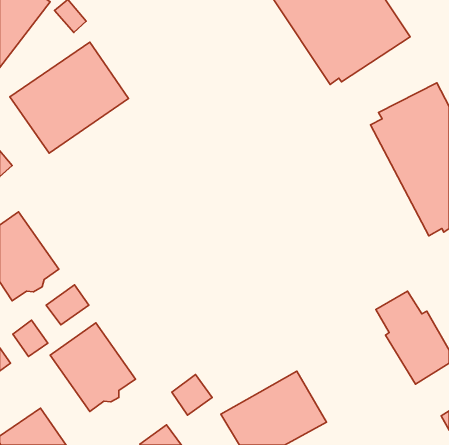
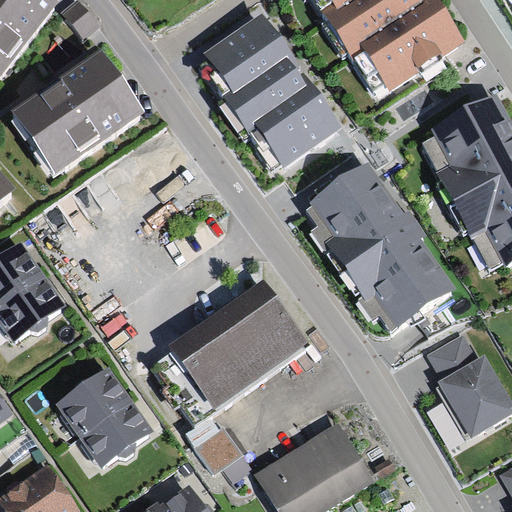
building: none -> [196,13,341,175]
building: none -> [305,166,453,332]
building: none -> [168,279,309,411]
building: [46,285,89,325] -> none
building: [13,320,48,357] -> none

